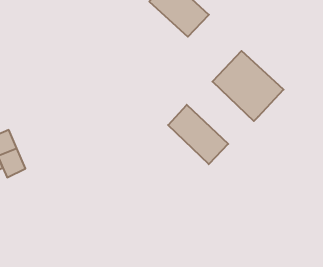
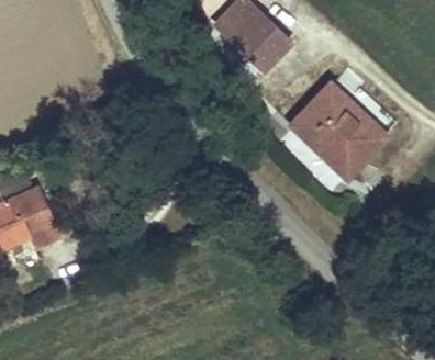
building: [168,105,228,164] -> none

